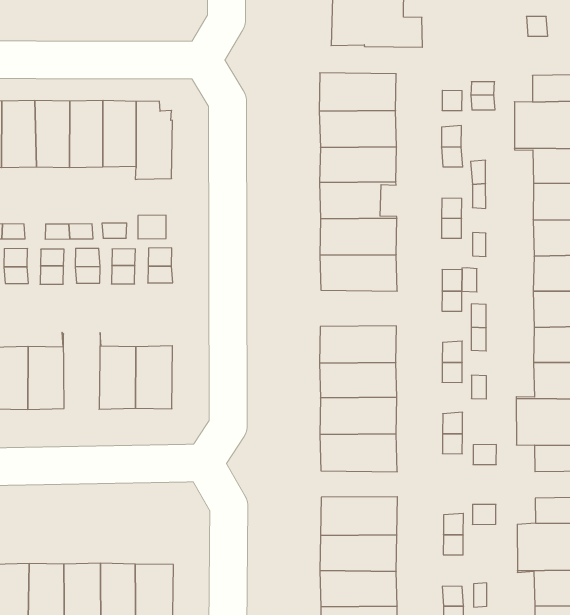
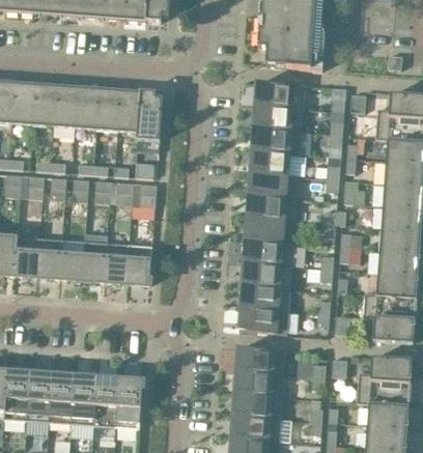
building: none -> [245,218,294,244]
building: none -> [81,233,107,282]

